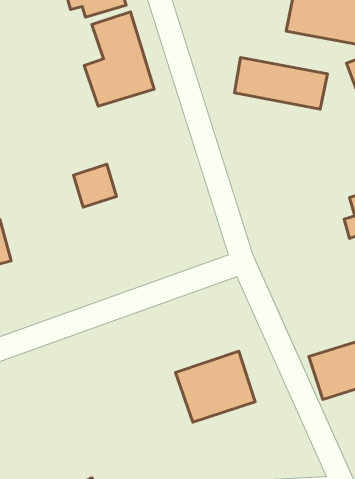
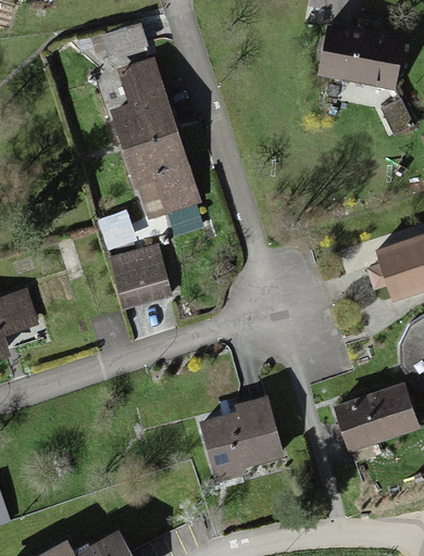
building: [234,58,327,109] -> none
building: none -> [123,136,208,235]
building: none -> [111,252,170,309]

